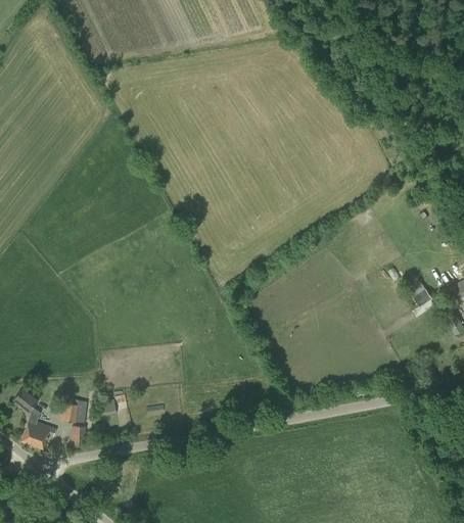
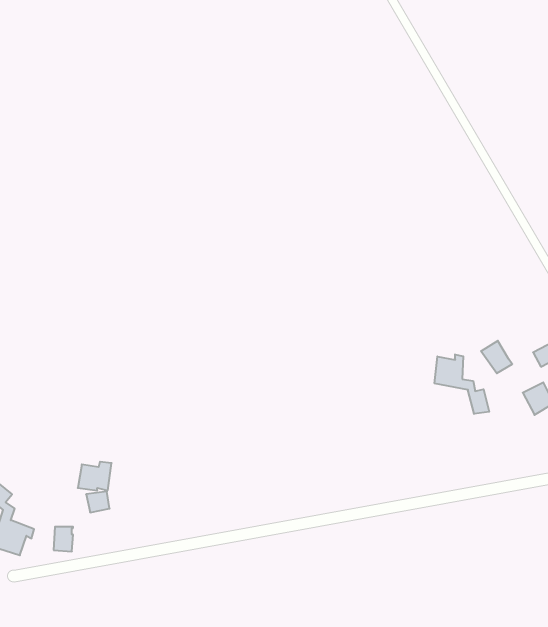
building: none -> [435,354,489,414]
building: [61,399,88,422] -> [78,462,112,490]

